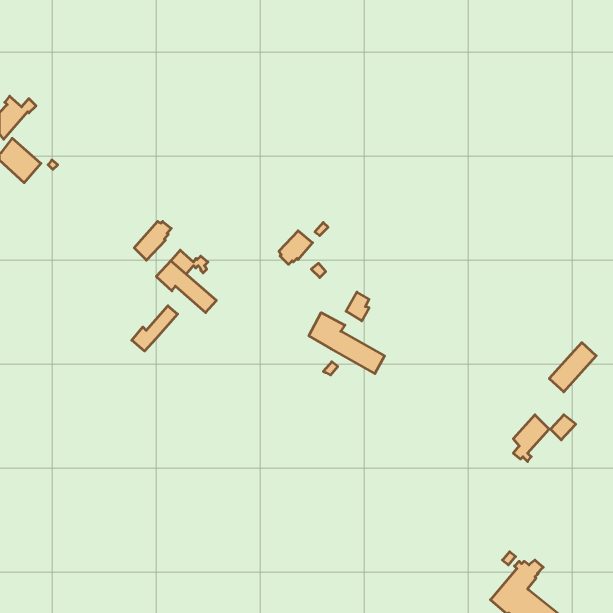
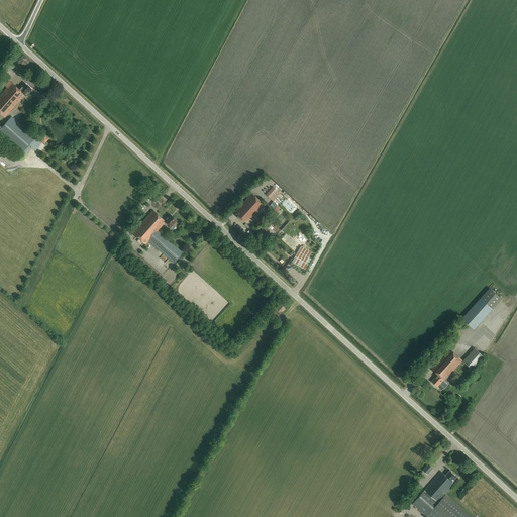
building: [134,221,171,260] -> none
building: [132,306,178,351] -> none
building: [309,313,385,374] -> none

